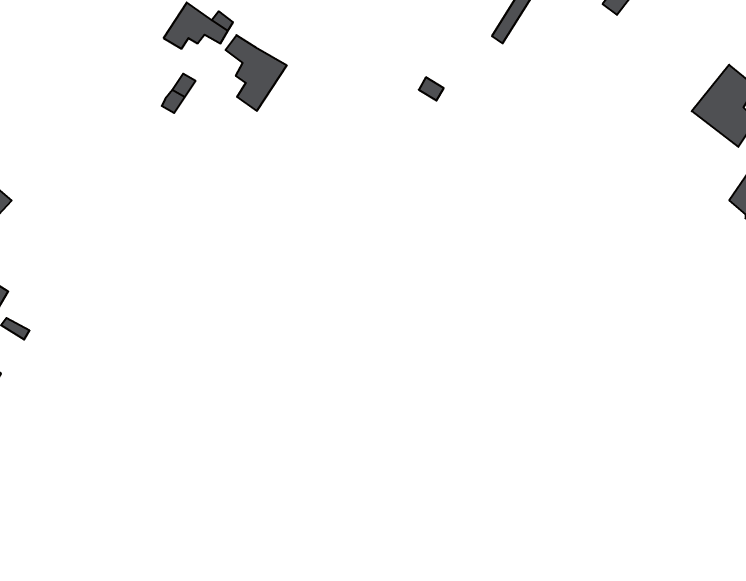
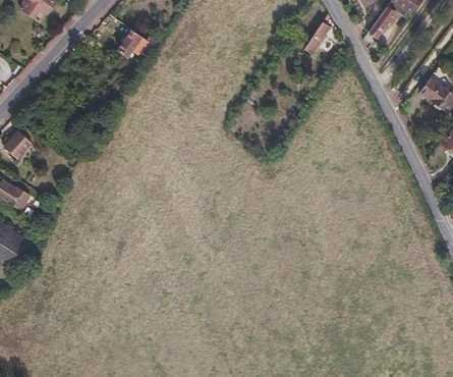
building: [226,35,287,111] -> none

